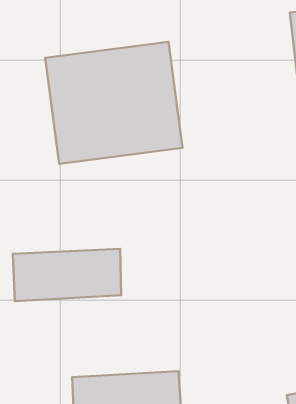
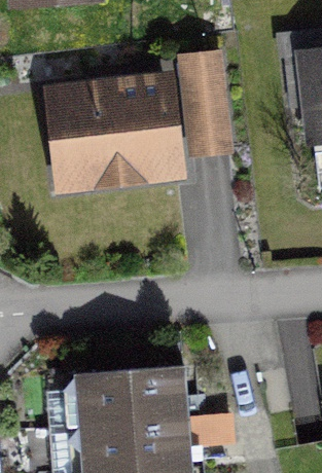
building: none -> [180,52,236,162]
building: [13,249,121,301] -> [73,368,184,422]

